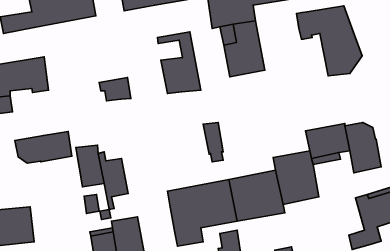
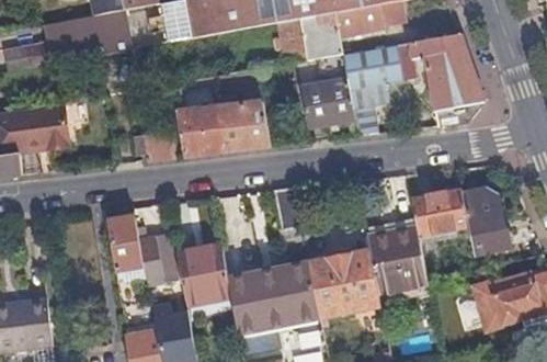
building: none -> [343,44,408,135]
building: none -> [172,76,227,155]
building: [15,131,72,163] -> none
building: none -> [175,245,230,305]

